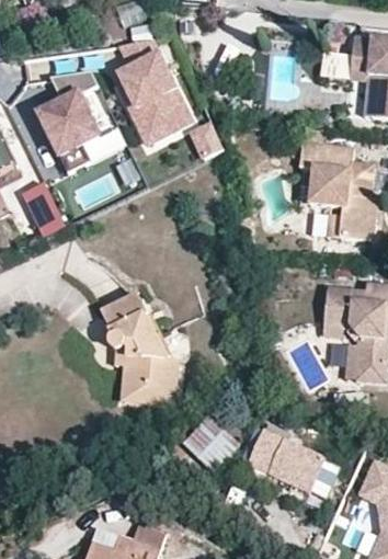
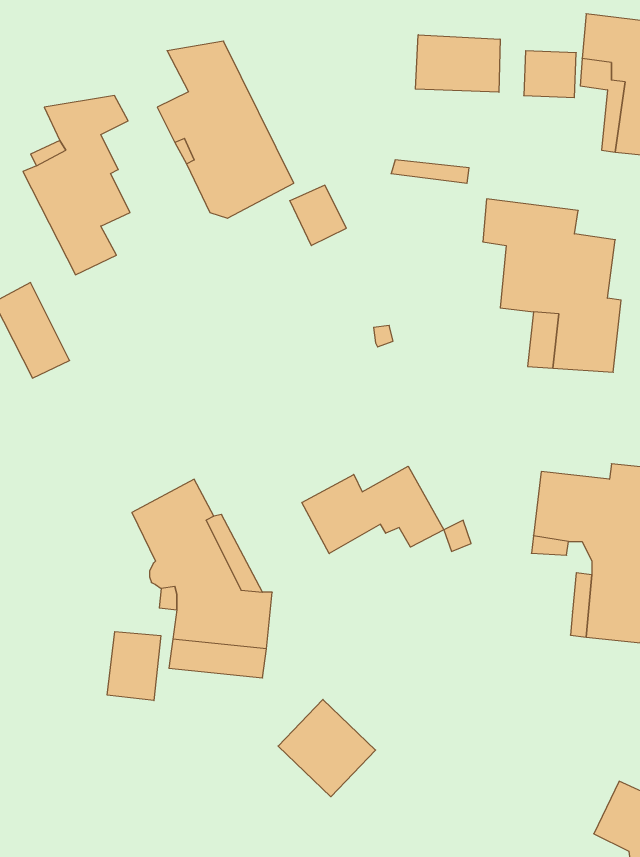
building: none -> [415,35,500,92]
building: none -> [302,466,444,554]
building: none -> [107,632,161,701]
building: [248,433,336,497] -> none

